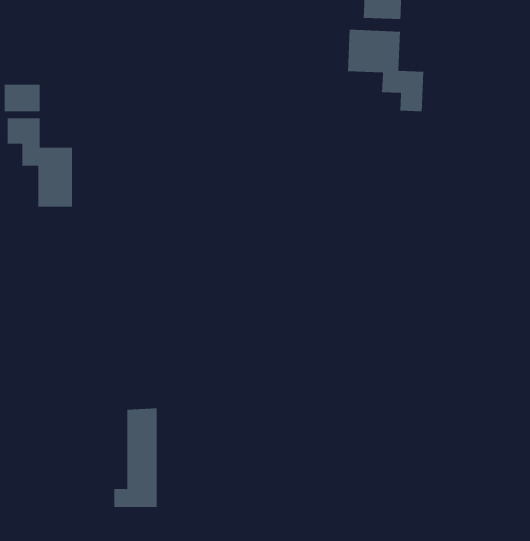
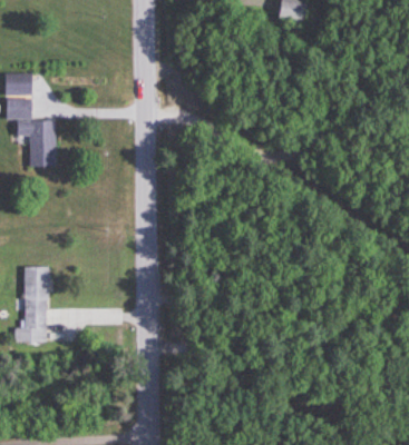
building: [347,29,424,112] -> none
building: [113,408,157,508] -> [16,266,49,342]

